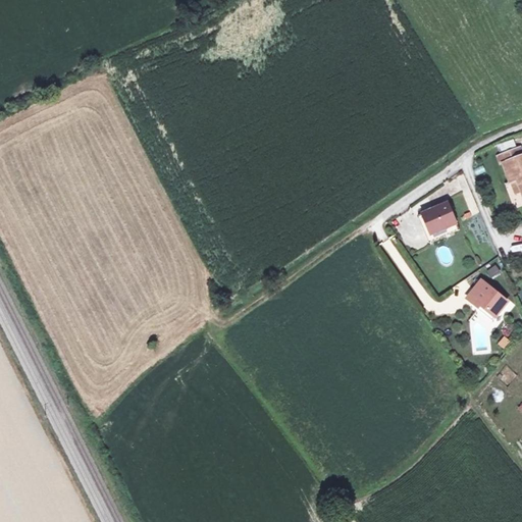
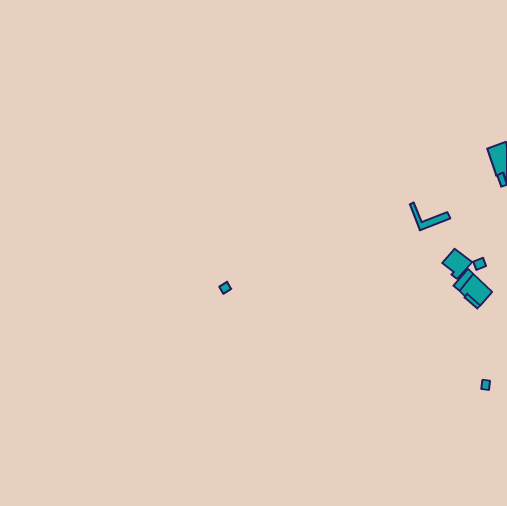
building: [425,199,460,229] -> none
building: none -> [442,249,472,279]

